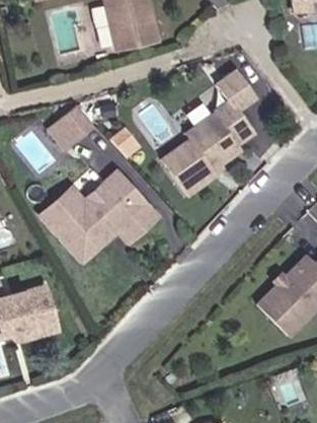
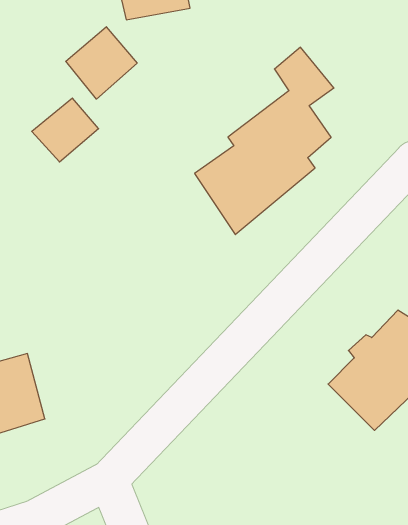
building: none -> [66,27,137,99]
building: [38,167,163,266] -> none

